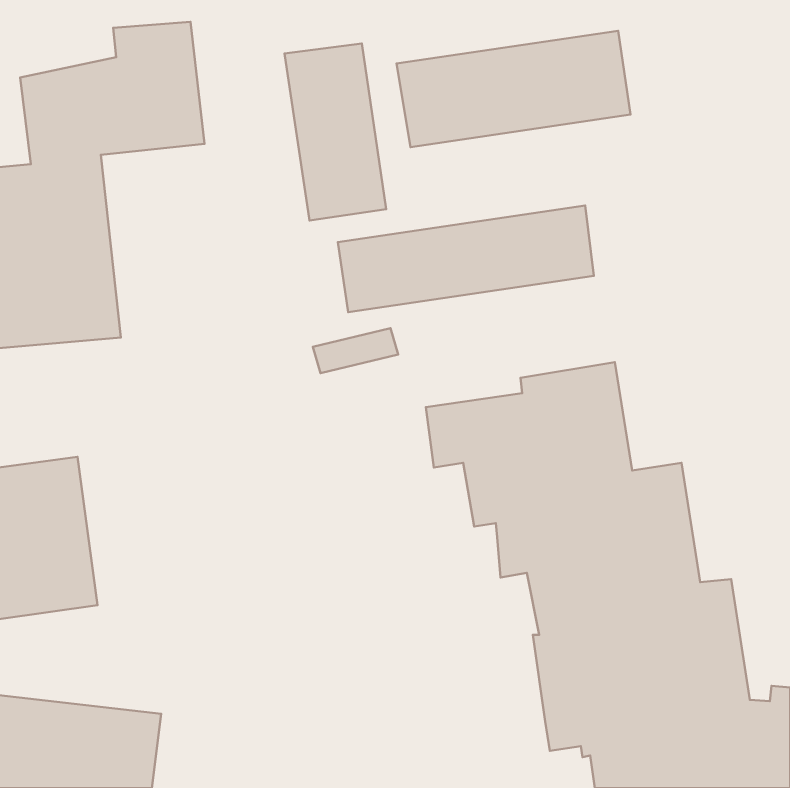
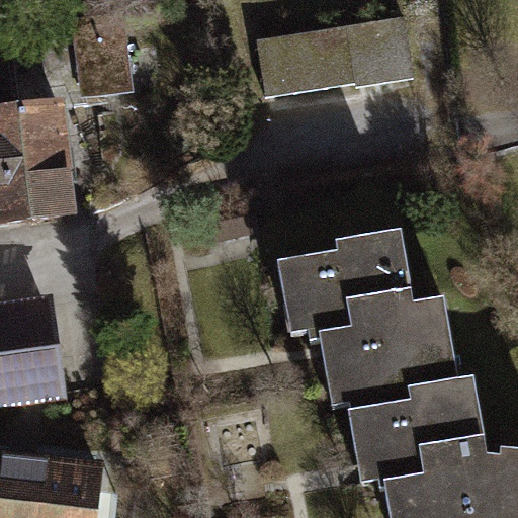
building: [285,43,386,220] -> none
building: [338,205,594,312] -> none

